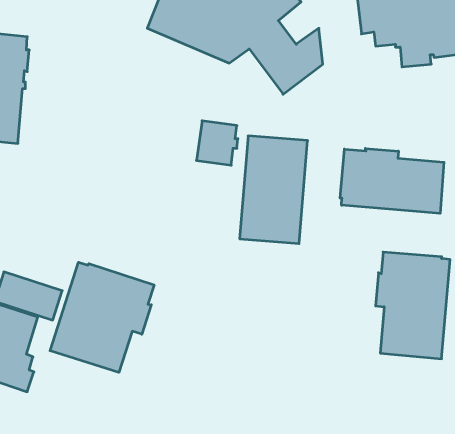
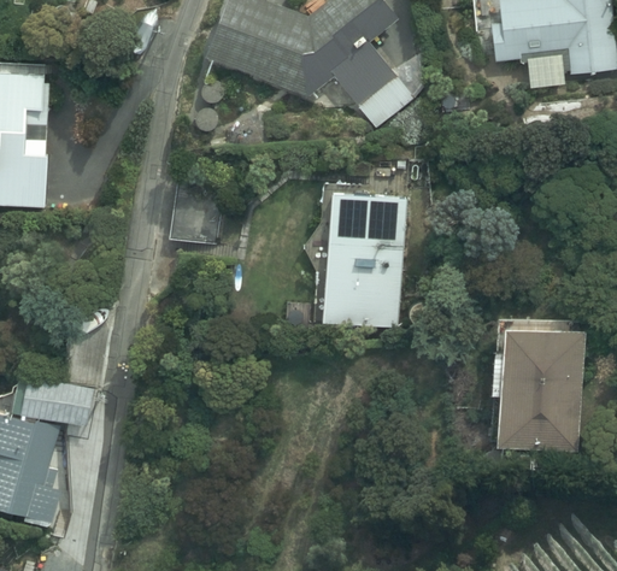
building: [196,121,238,165] -> [168,187,221,243]
building: [340,148,444,213] -> none
building: [50,262,154,372] -> none

